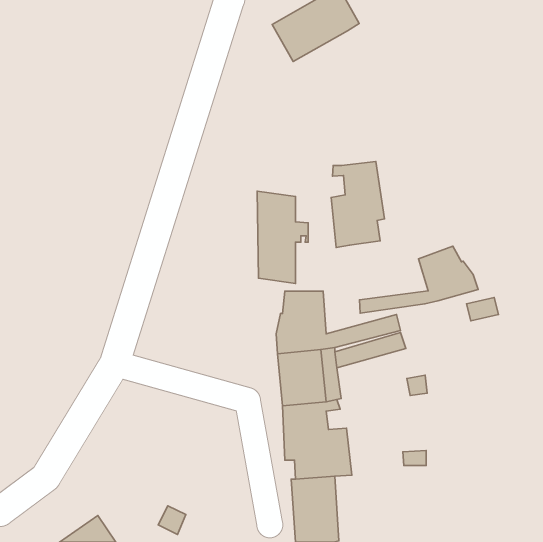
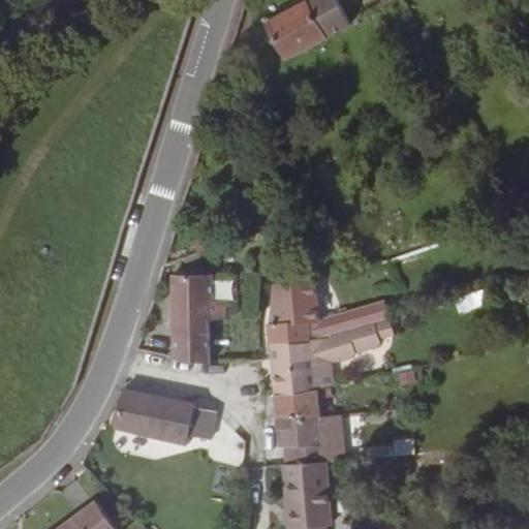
building: [331,162,385,247] -> none
building: [257,191,308,284] -> [172,275,221,365]
building: [359,246,478,313] -> none
building: none -> [114,391,215,445]

